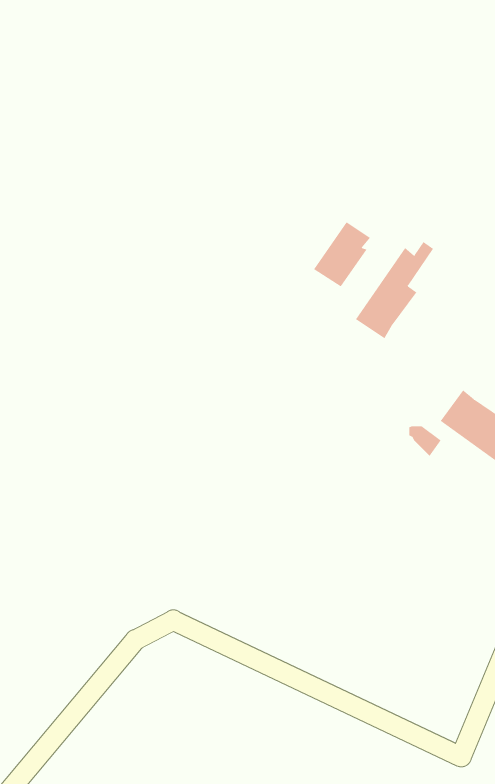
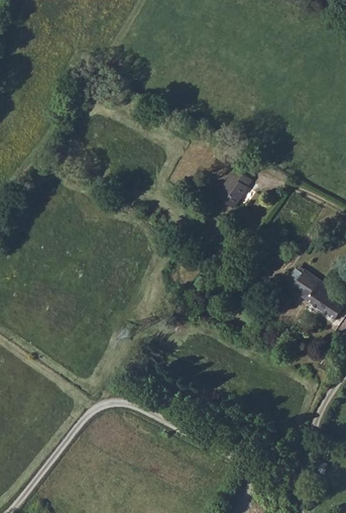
building: [355,241,434,339] -> none

